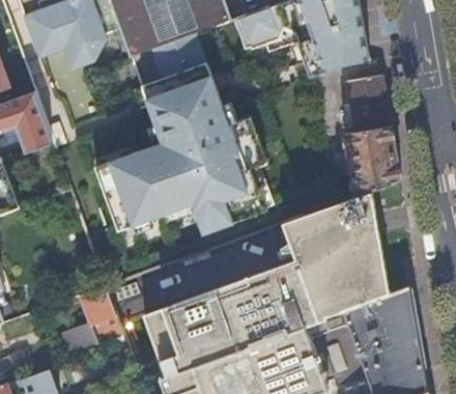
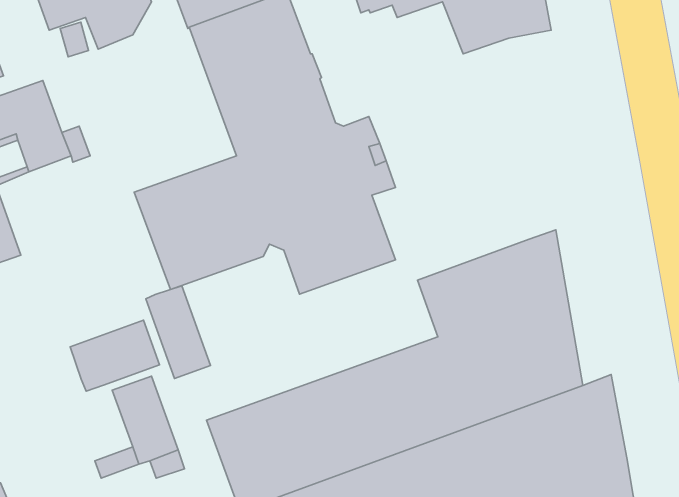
building: [340,73,399,196] -> none
building: none -> [146,286,211,379]
building: none -> [70,320,160,391]

